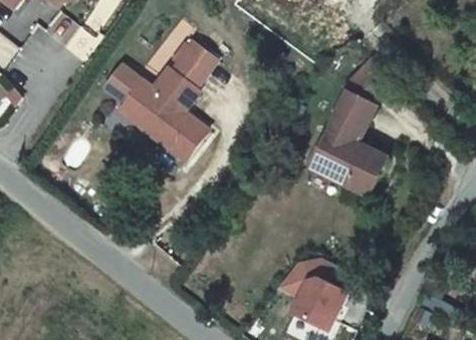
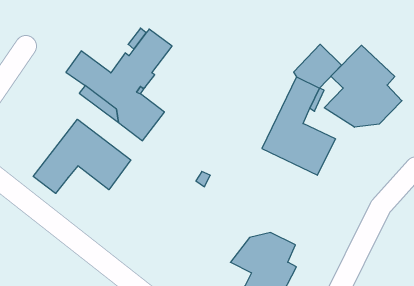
building: none -> [324,45,402,127]
building: none -> [33,119,131,193]

